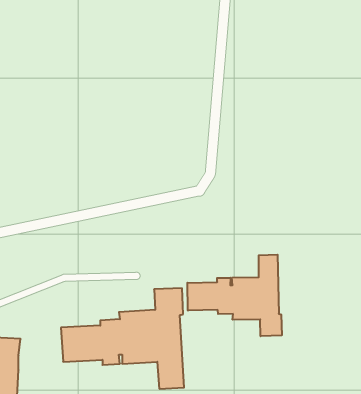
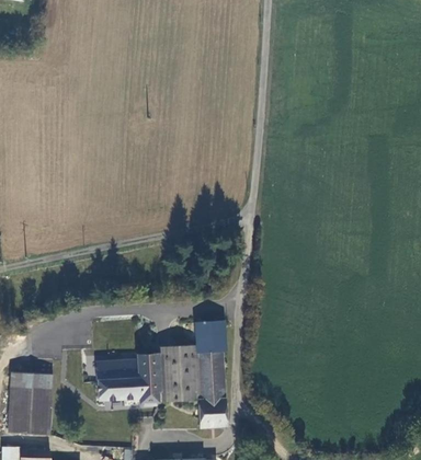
building: [187,255,282,336] -> none

